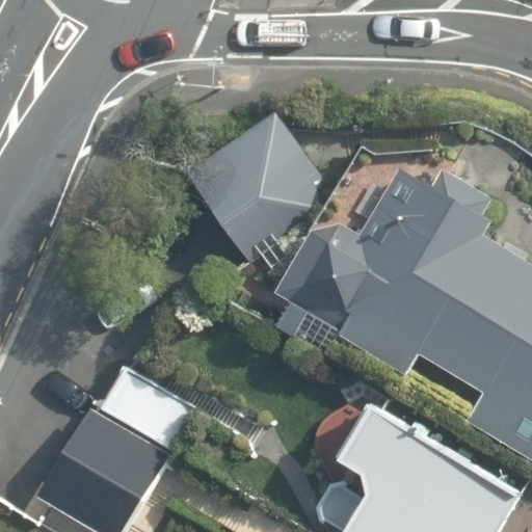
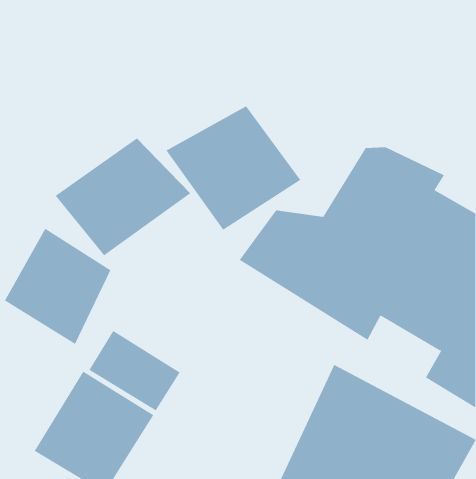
building: none -> [55,137,191,256]
building: none -> [4,228,111,345]

